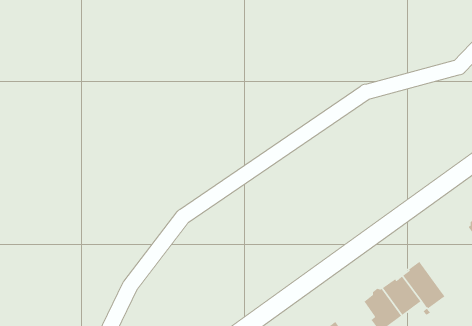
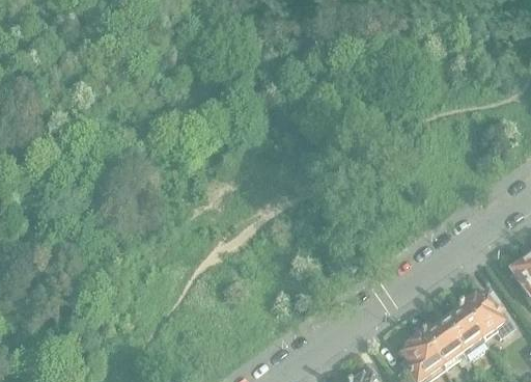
building: none -> [459,290,511,335]

